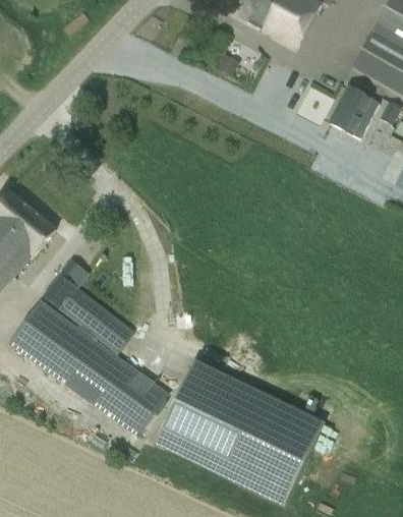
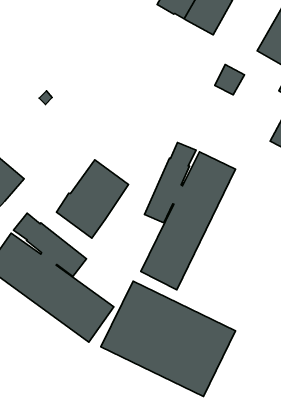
building: [330,85,376,137] -> none
building: none -> [141,142,235,290]
building: none -> [56,160,129,238]

